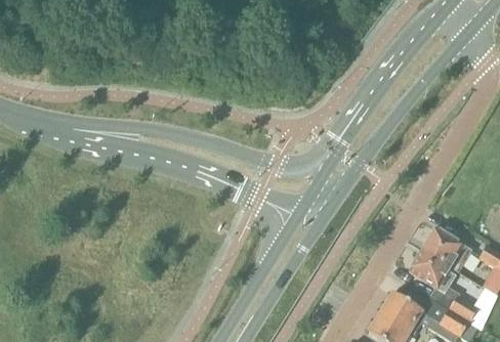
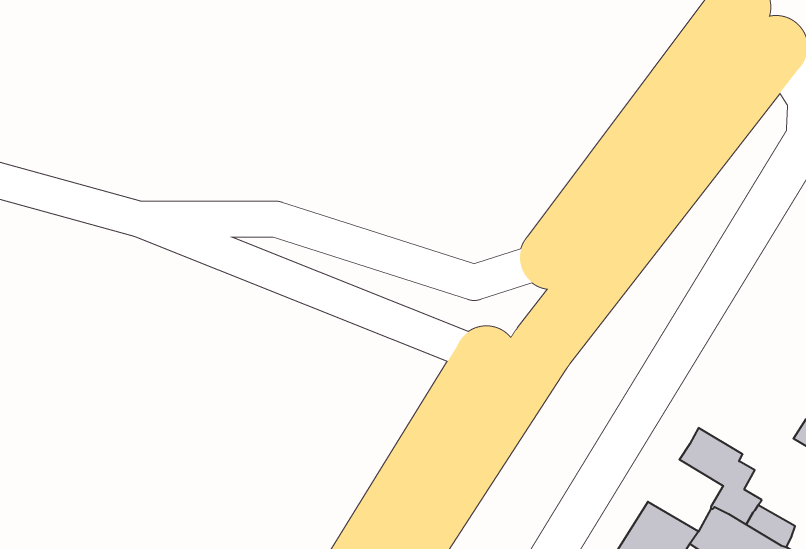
building: [423,230,471,272] -> none

